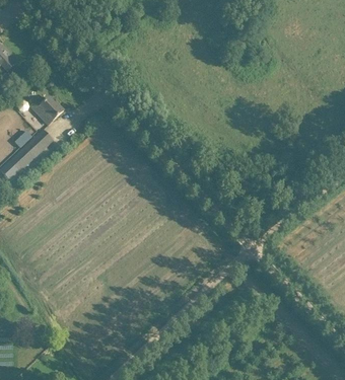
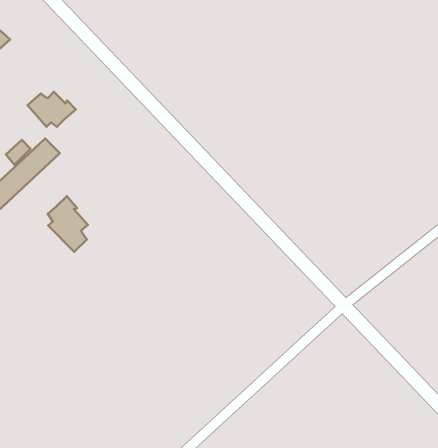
building: none -> [48,196,88,252]

